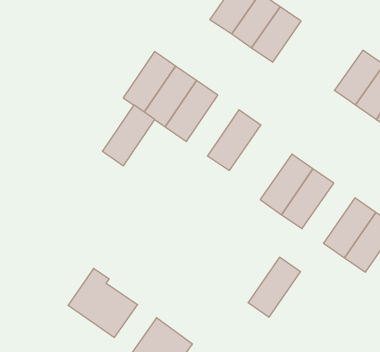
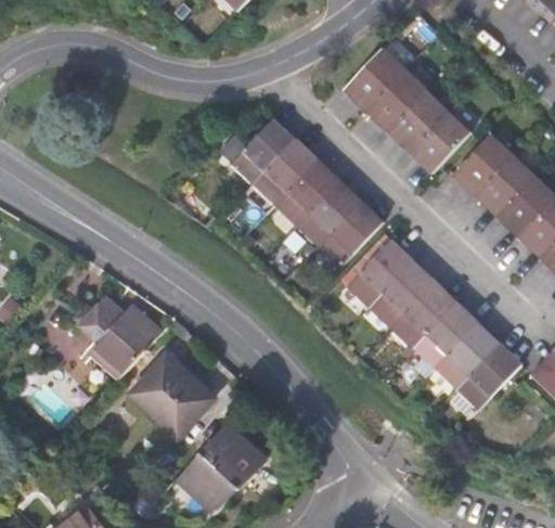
building: none -> [409,108,472,171]
building: none -> [453,132,515,194]
building: [102,105,155,166] -> [295,179,361,247]
building: none -> [347,240,414,307]
building: none -> [75,297,160,377]
building: [248,257,301,317] -> [413,301,479,369]

